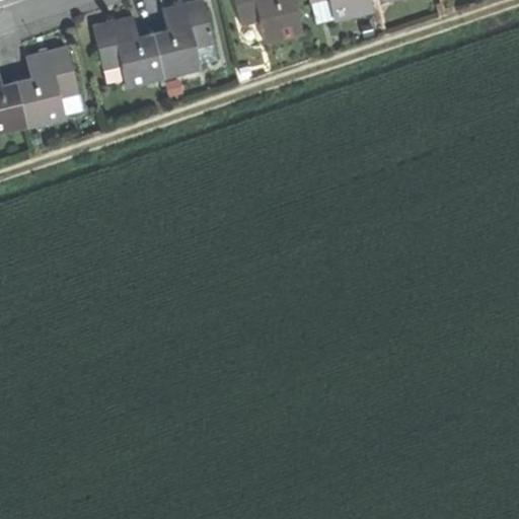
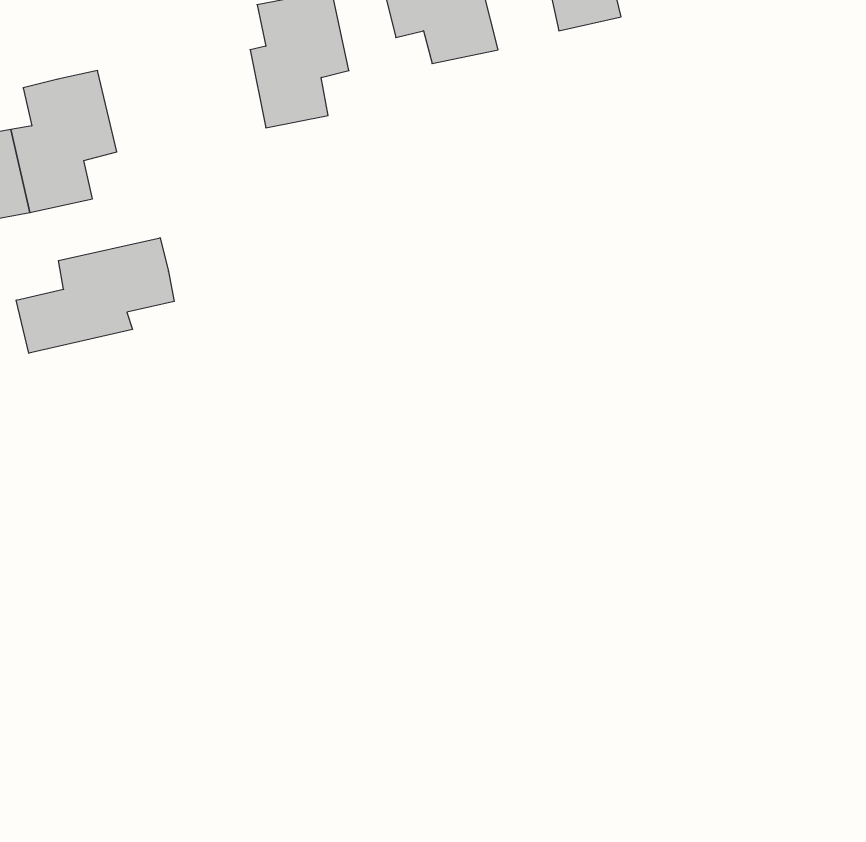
building: [93,14,165,87] -> none
building: none -> [16,238,174,353]

